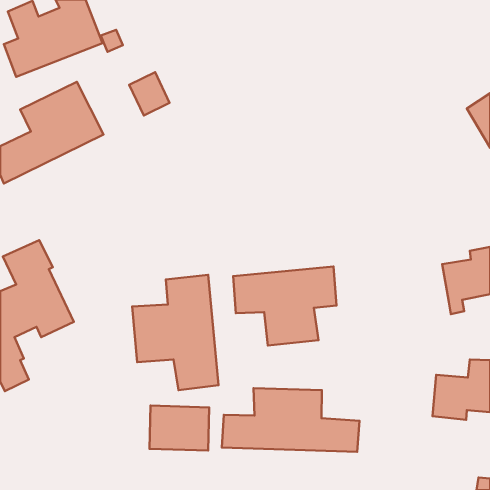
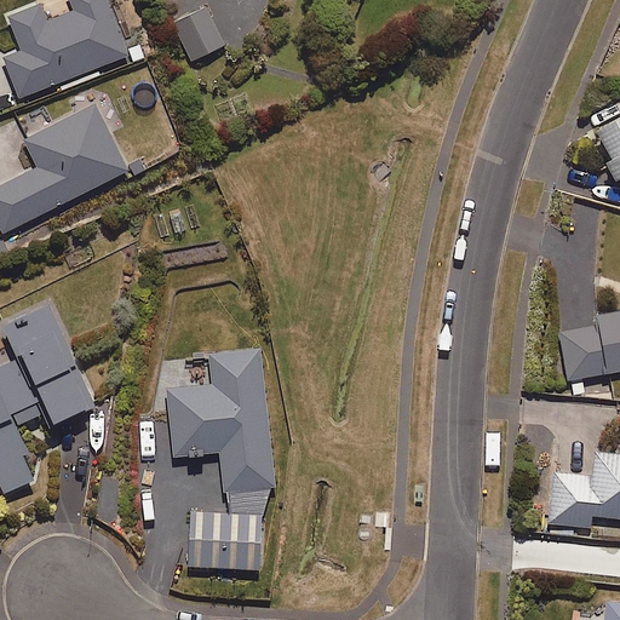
building: [129,72,170,115] -> [172,6,223,61]
building: [233,267,337,346] -> none
building: [222,388,359,452] -> none

